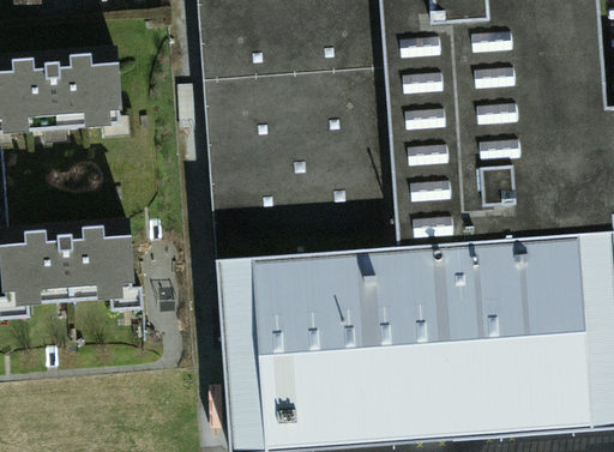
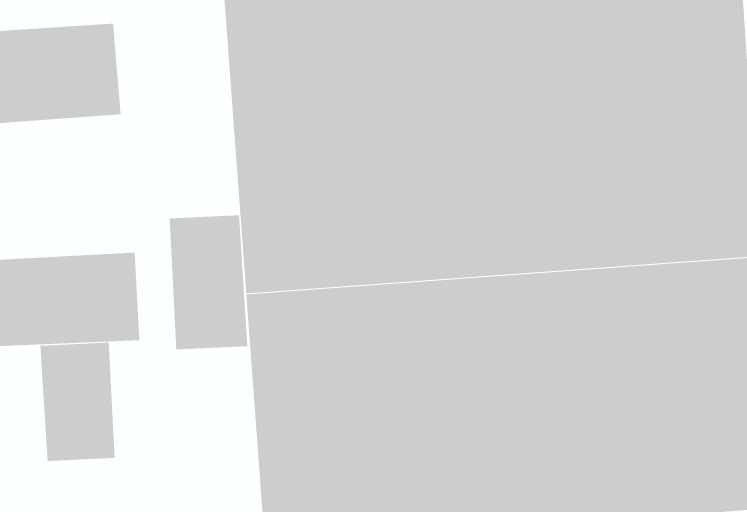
building: none -> [169,214,248,350]
building: none -> [40,342,115,462]

